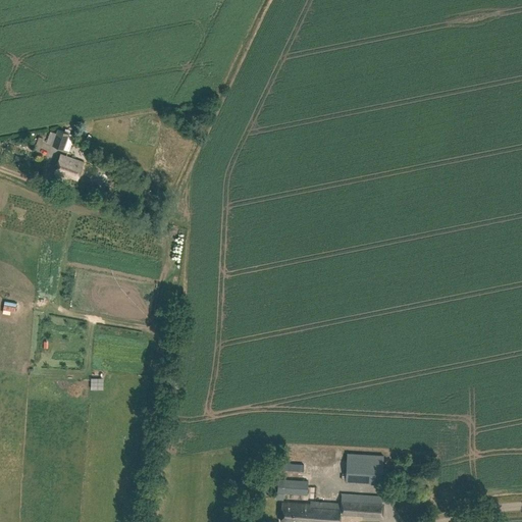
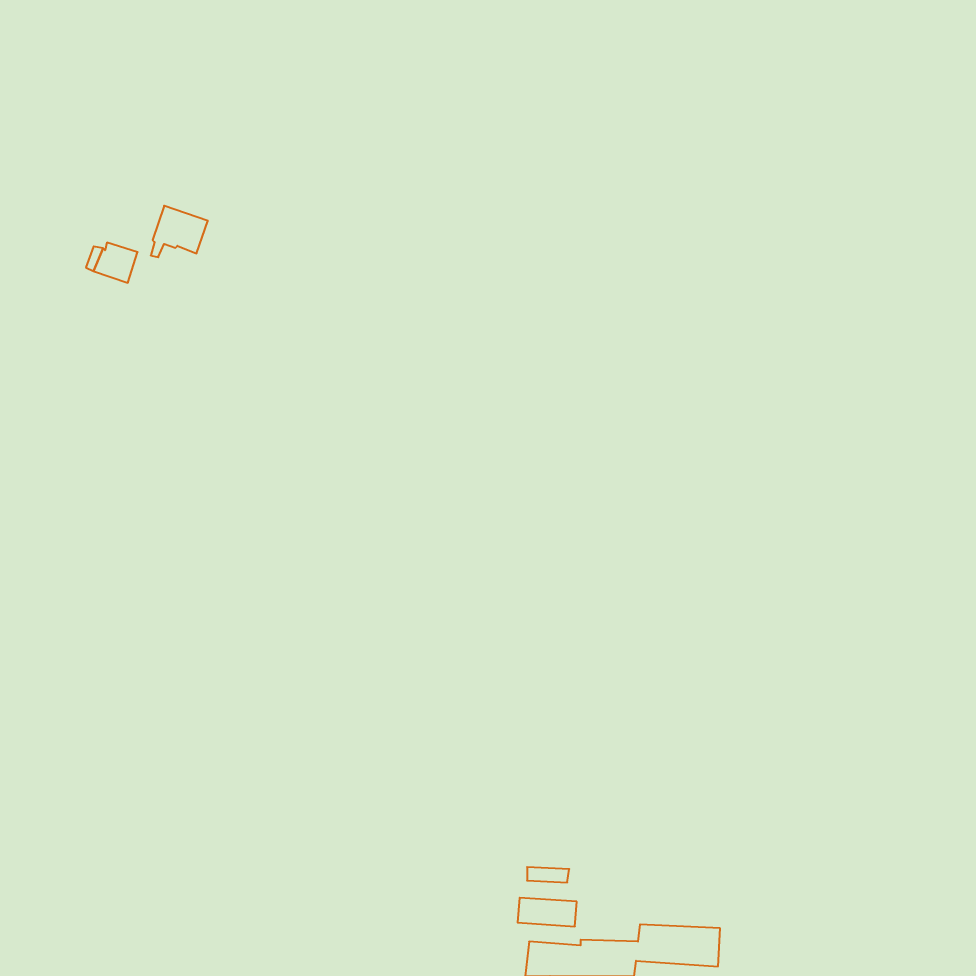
building: [53,155,84,182] -> [151,206,208,257]
building: [341,454,383,484] -> none

